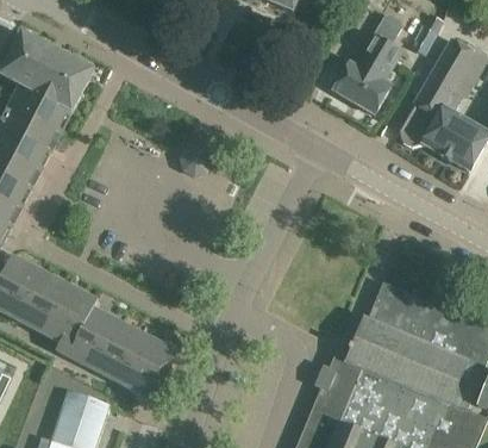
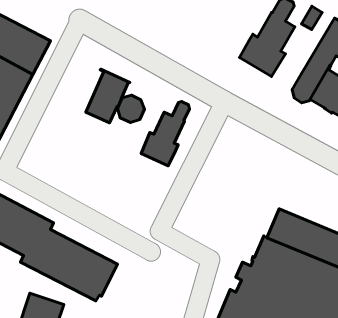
building: none -> [86,69,130,123]
building: none -> [141,101,189,166]

